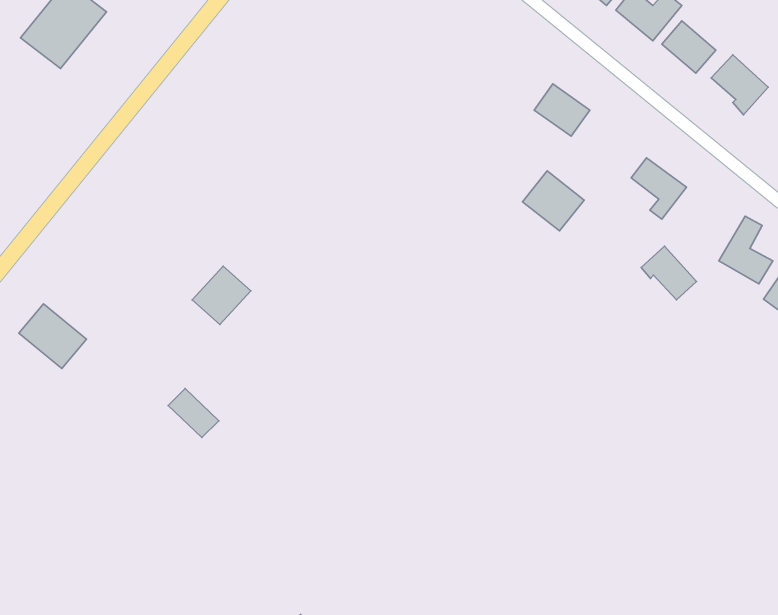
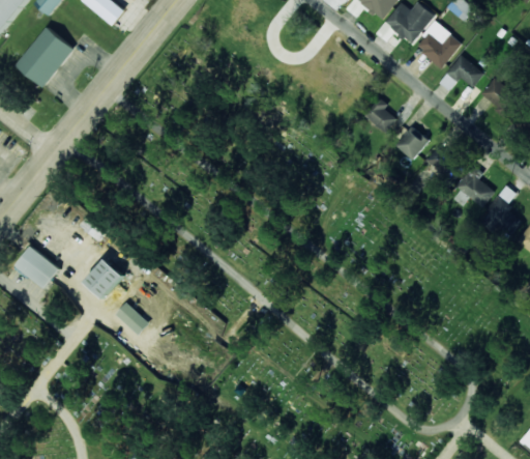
building: [523,171,584,231] -> [388,122,430,163]
building: [641,246,697,300] -> [454,171,492,207]
building: [192,266,251,325] -> [85,259,124,298]

